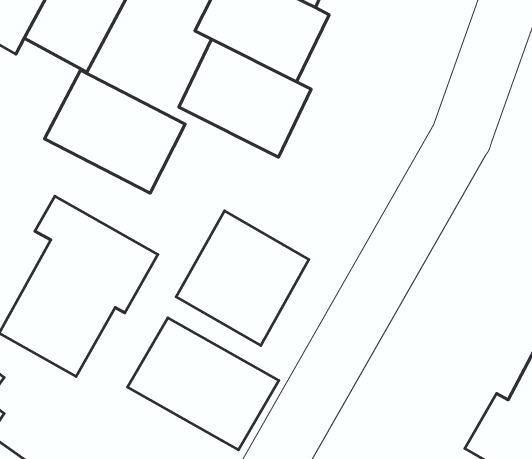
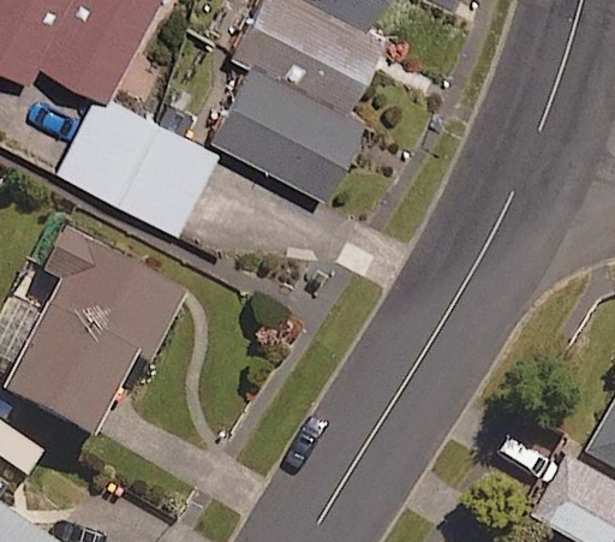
building: [176,211,309,345] -> none
building: [128,318,279,450] -> none

